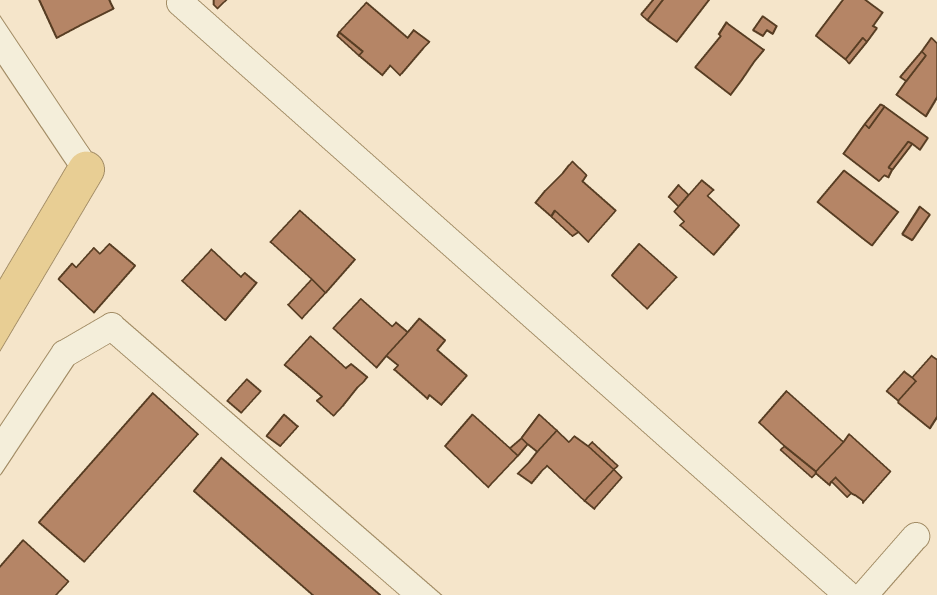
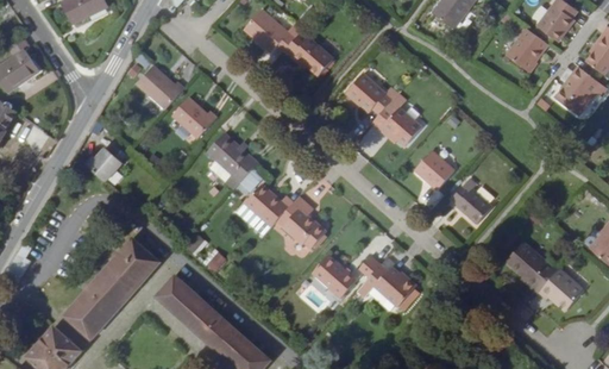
building: [695,22,764,95] -> [503,25,545,69]
building: none -> [281,30,329,71]
building: none -> [133,61,181,106]
building: none -> [338,75,384,117]
building: [818,171,898,245] -> none
building: [674,180,739,255] -> [447,177,486,223]
building: [182,249,257,320] -> [168,92,213,135]
building: [285,336,367,416] -> none

